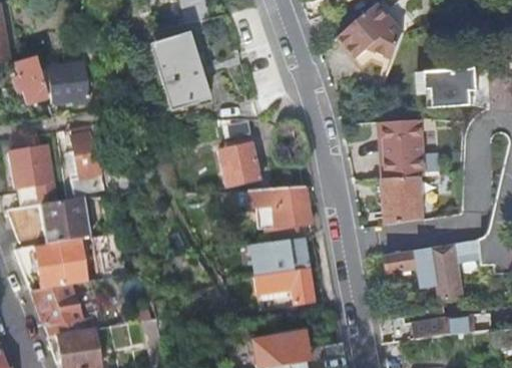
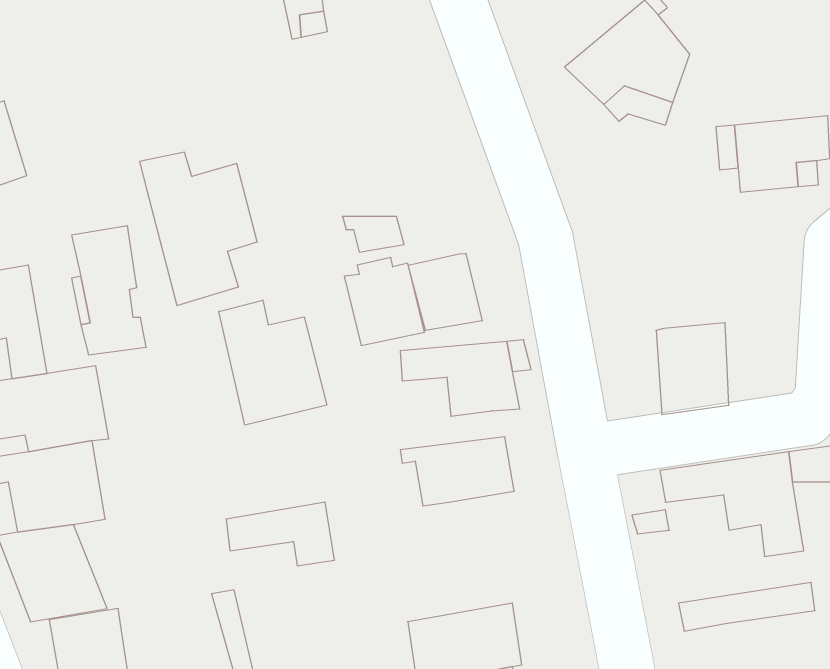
building: [159,25,222,107] -> [140,152,257,305]
building: [46,62,89,102] -> none
building: [384,133,423,179] -> none
building: none -> [408,253,482,330]
building: none -> [219,300,327,425]
building: [254,270,313,304] -> [226,502,335,566]

